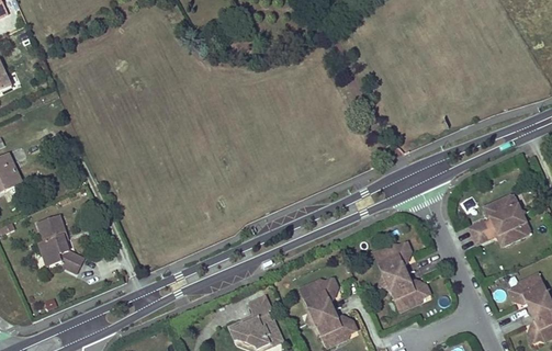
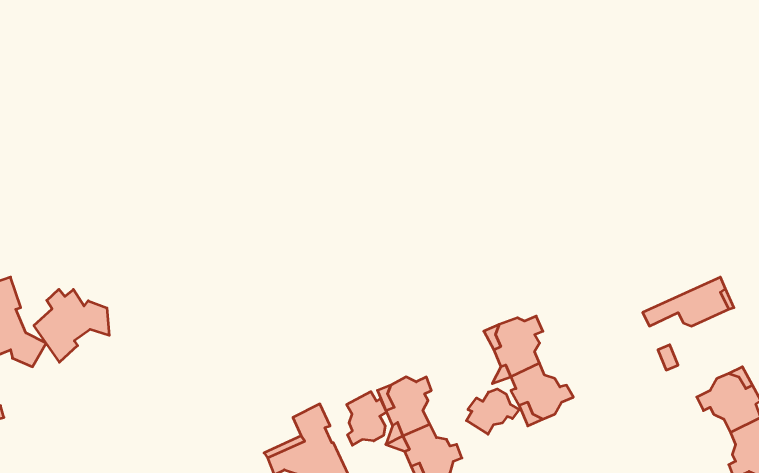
building: [467,197,522,237] -> none
building: none -> [34,289,109,362]
building: none -> [466,389,519,434]
building: none -> [347,392,386,445]

